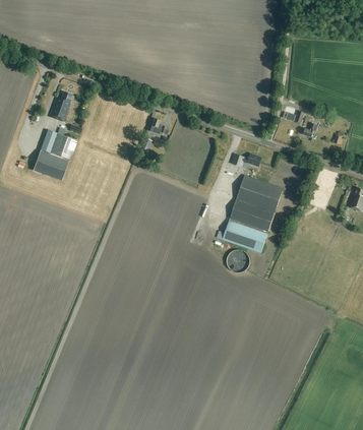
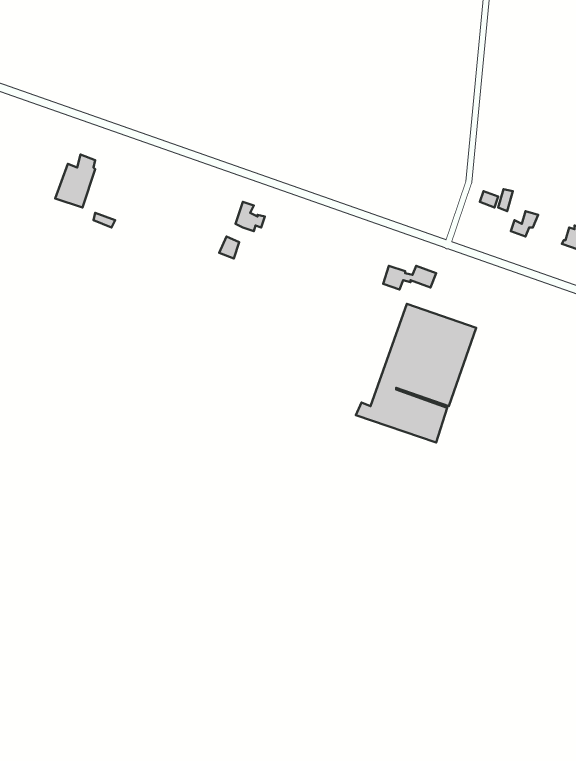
building: [33,129,78,180] -> none

